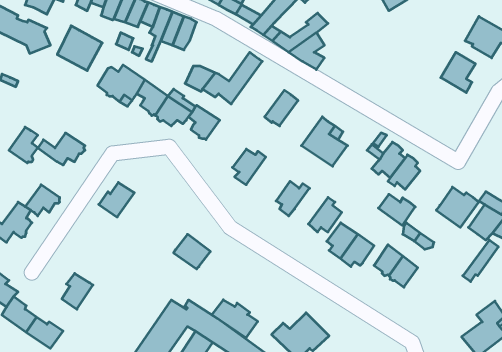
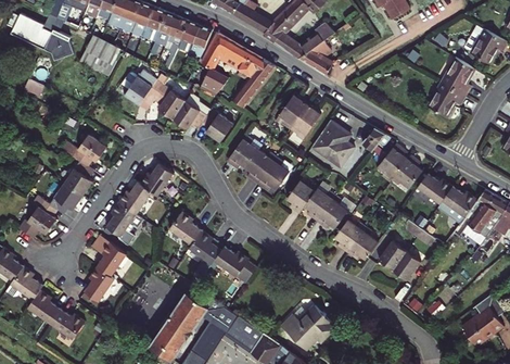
building: none -> [200,32,260,86]
building: none -> [428,83,464,117]
building: none -> [289,104,320,139]
building: [9,127,38,163] -> [64,162,91,196]
building: none -> [226,135,257,168]
building: none -> [257,158,289,190]
building: none -> [140,163,173,194]
building: none -> [303,187,334,221]
building: [378,194,415,225] -> [417,174,451,203]
building: none -> [105,202,141,247]
building: none -> [168,211,202,244]
building: none -> [90,234,126,276]
building: [212,300,258,338] -> [213,247,256,283]

